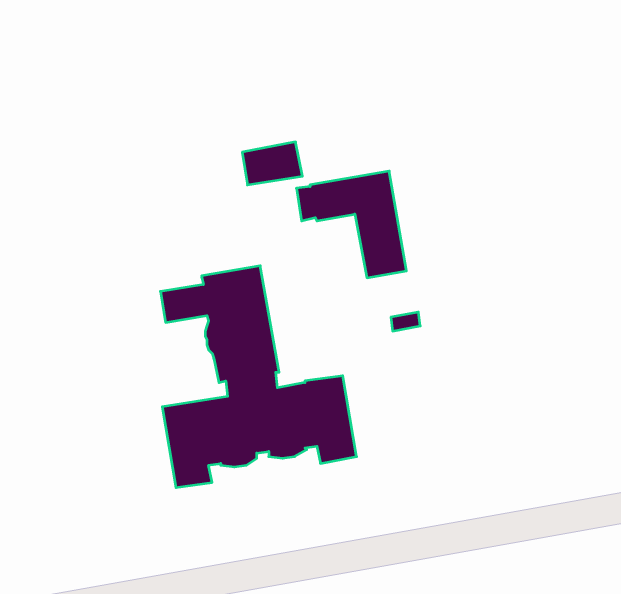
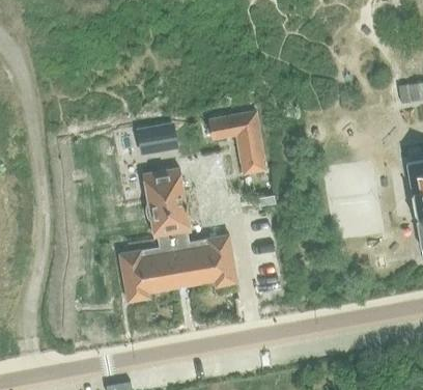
building: [242,142,302,185] -> [140,126,176,151]

